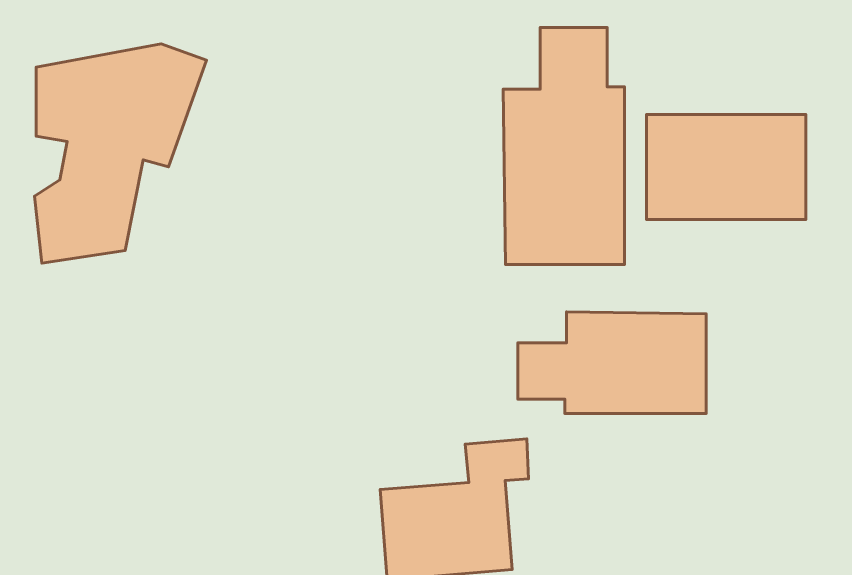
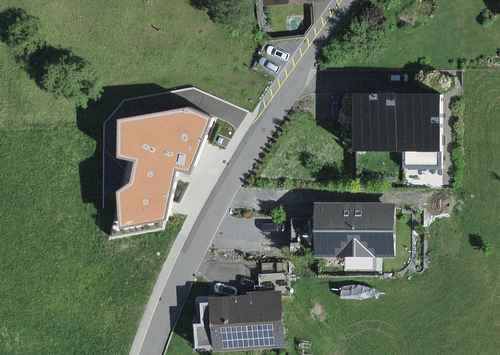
building: [503,28,624,265] -> none
building: [34,44,207,263] -> [105,110,200,231]

